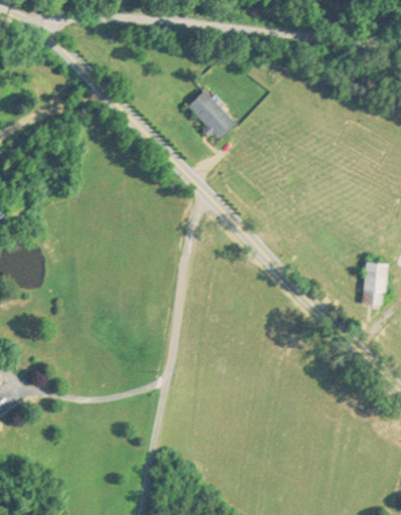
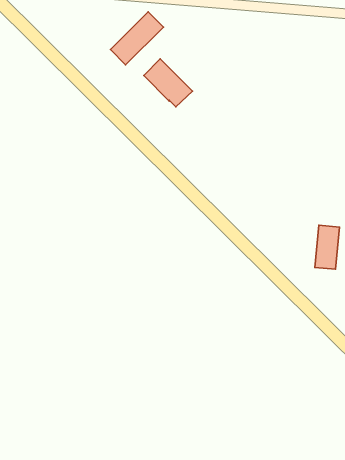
building: none -> [110,12,163,65]

